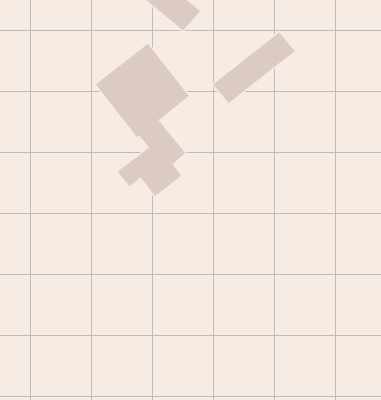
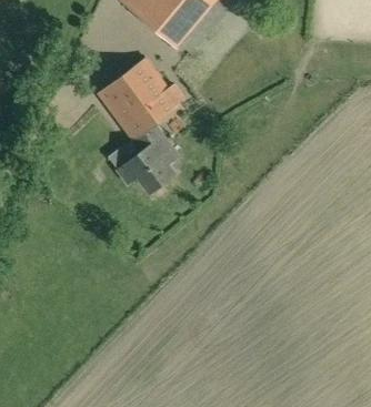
building: [212,31,296,104] -> none

